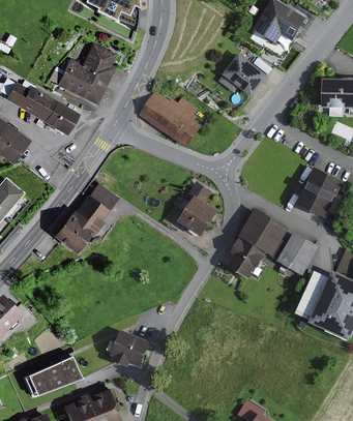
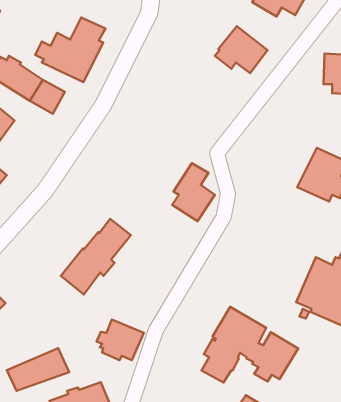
building: [140,91,203,148] -> none
building: [53,183,119,254] -> [61,219,131,294]
building: [230,208,321,279] -> [202,307,298,382]

